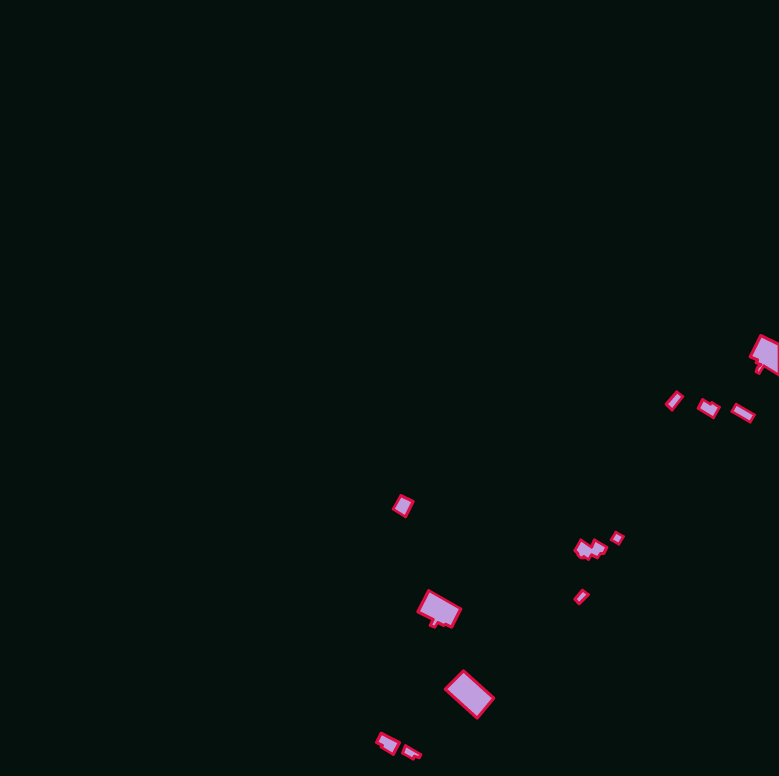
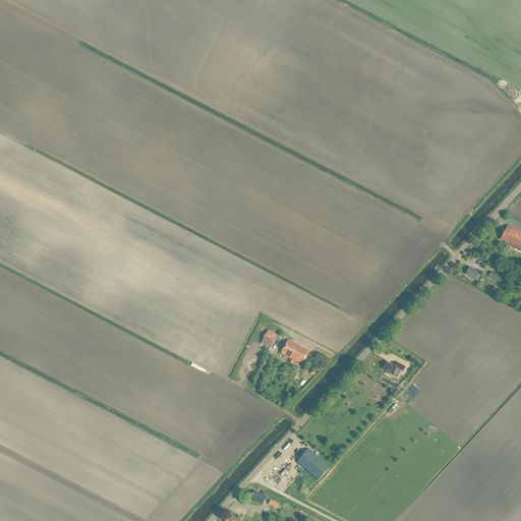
building: [418,591,461,627] -> [281,338,309,362]

